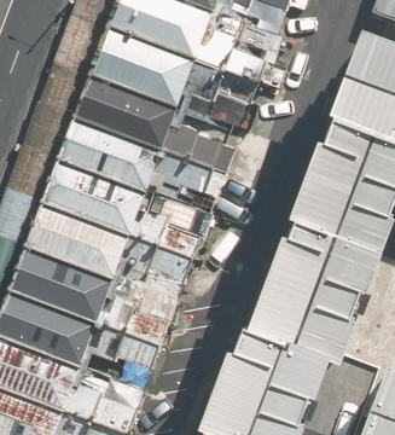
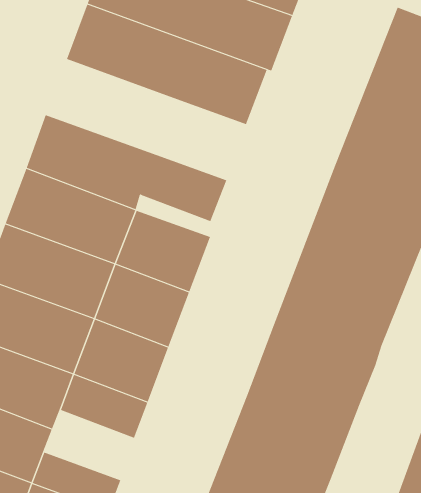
building: [77,68,231,166] -> none

